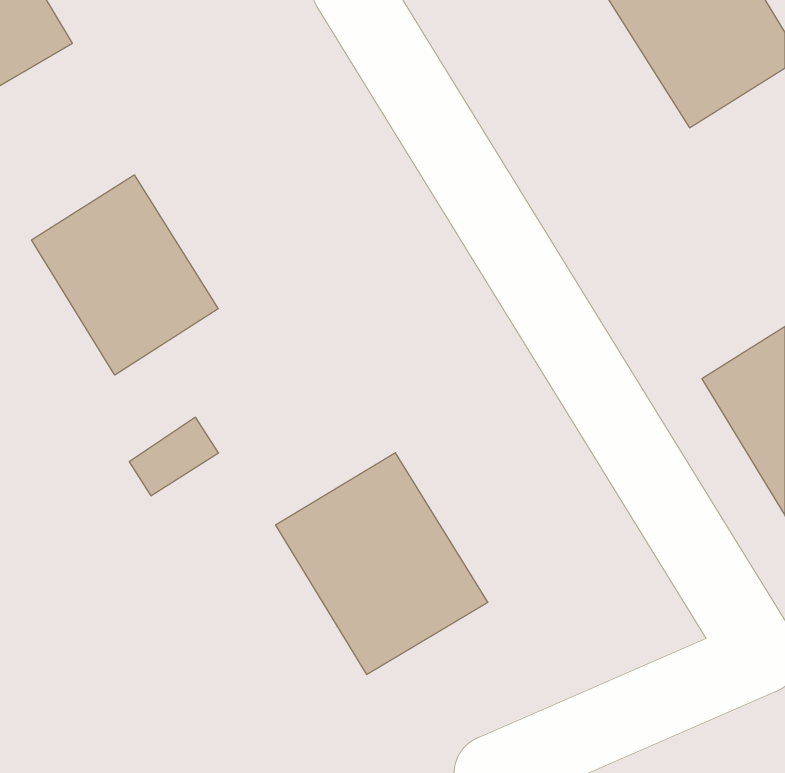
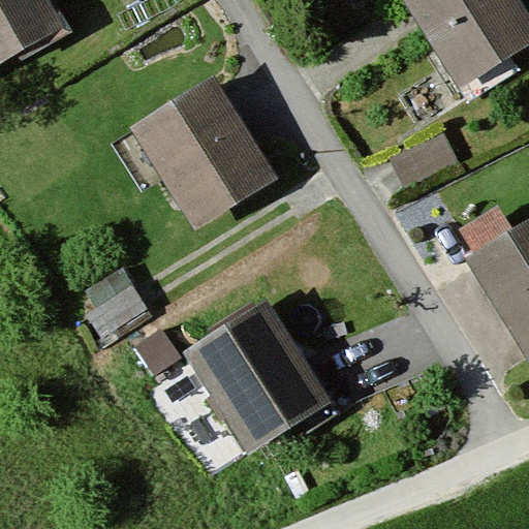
building: none -> [131,75,279,232]
building: [32,175,218,375] -> none

